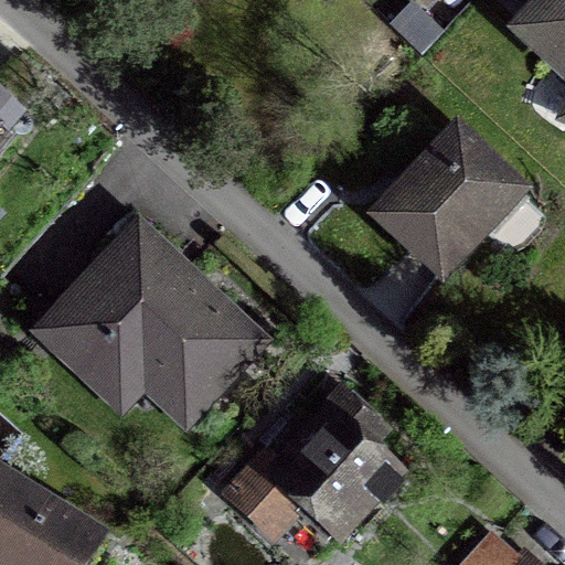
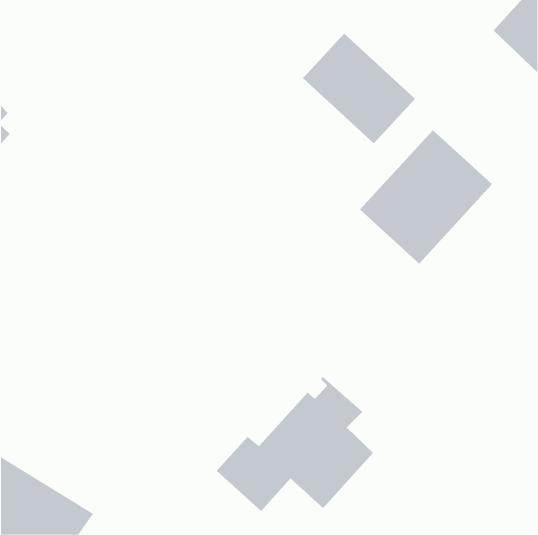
building: none -> [302,33,416,144]
building: [46,238,249,415] -> none

